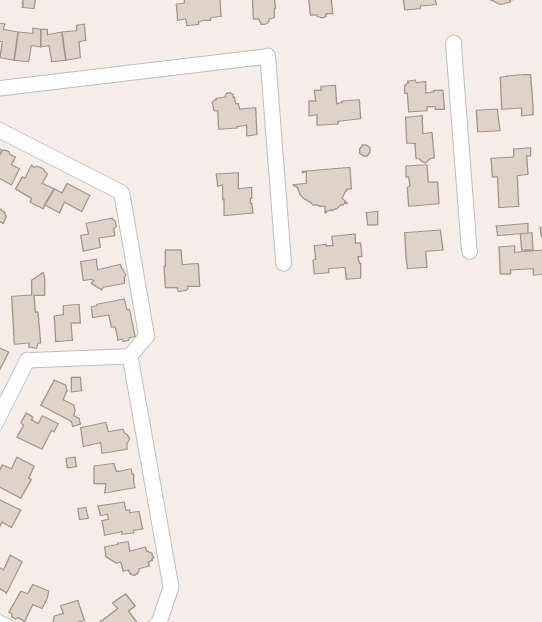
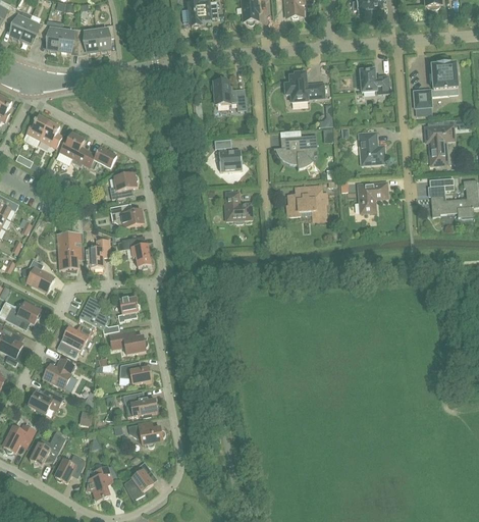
building: [406,115,434,163] -> none
building: [164,250,200,291] -> [224,191,252,222]
building: none -> [117,296,139,321]

